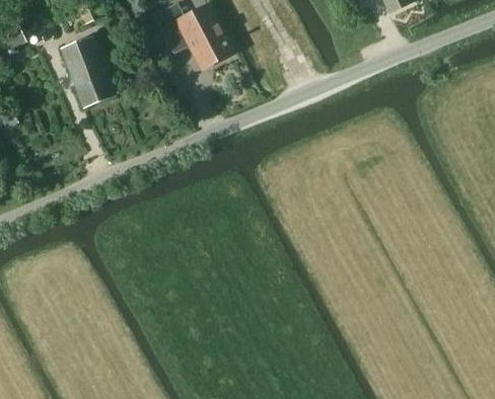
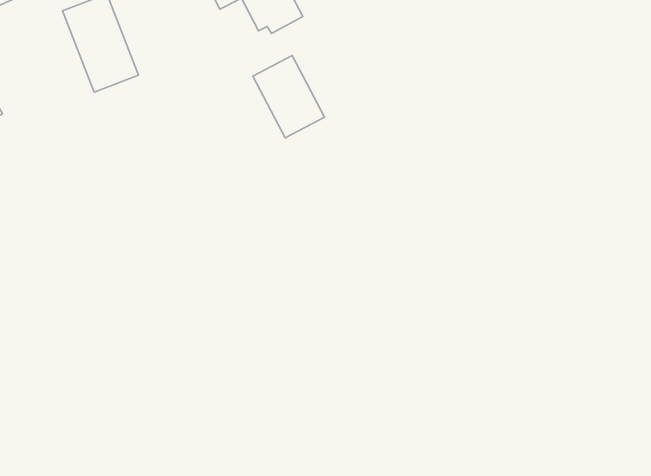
building: none -> [253,56,325,138]

